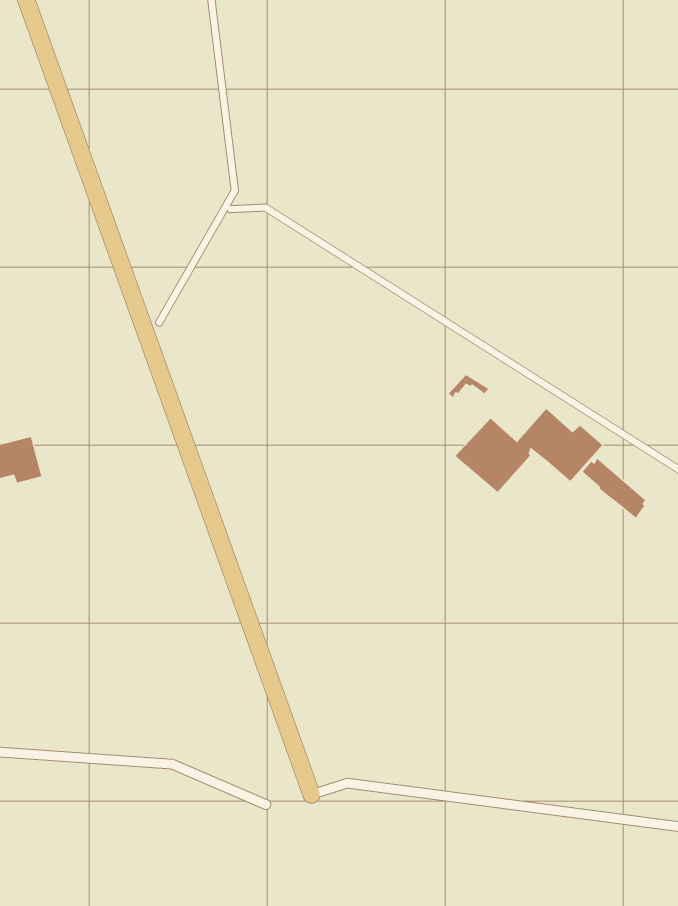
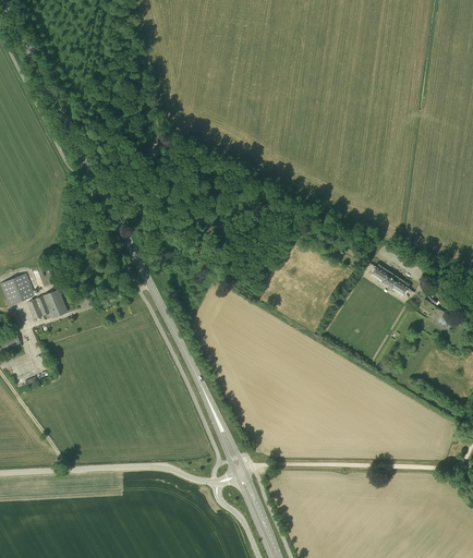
building: [454,408,603,493] -> none

